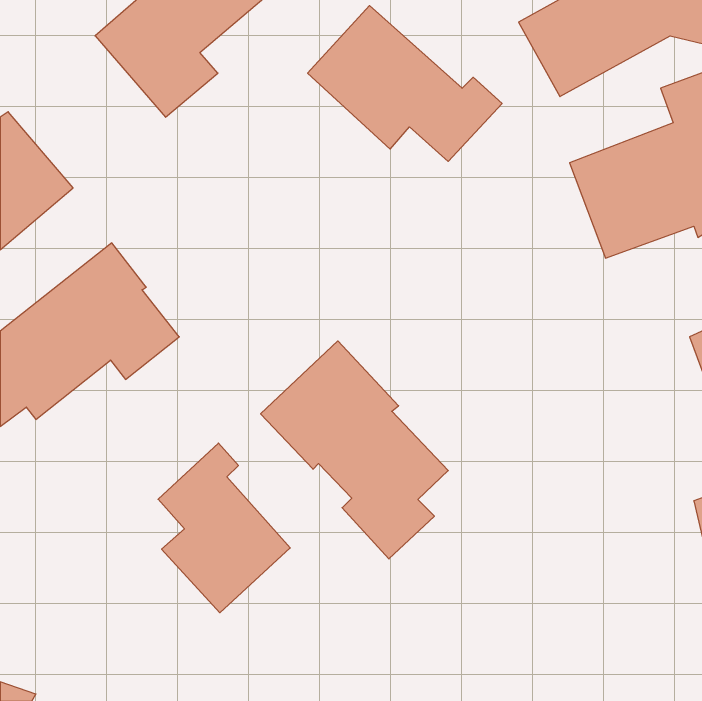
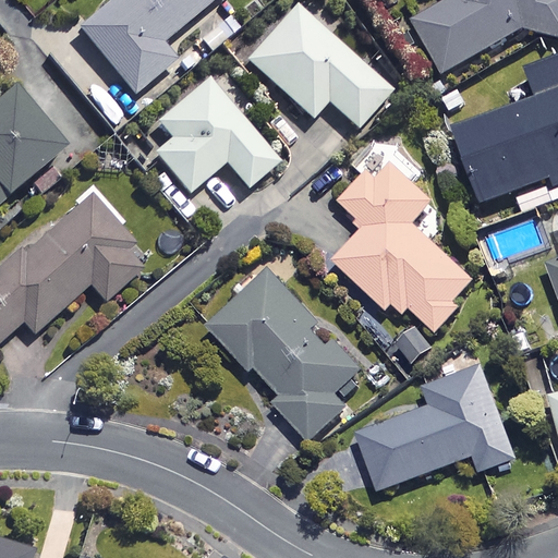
building: none -> [154,77,277,192]
building: none -> [333,132,478,332]
building: [158,443,290,613] -> none
building: none -> [356,364,515,490]

